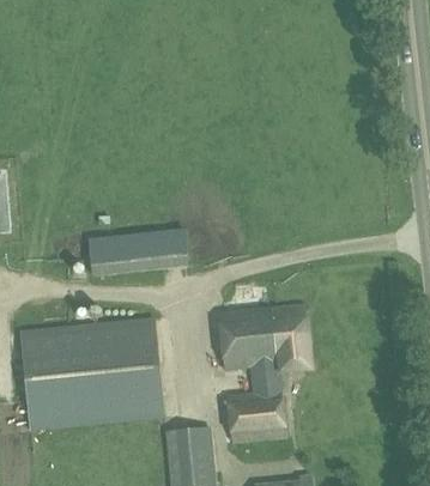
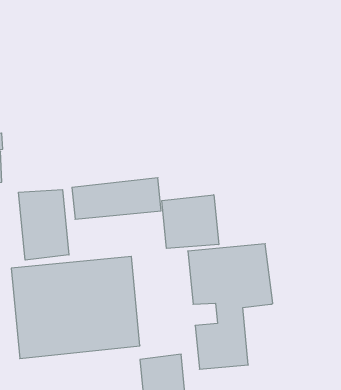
building: none -> [19,190,69,260]
building: none -> [162,195,219,248]

